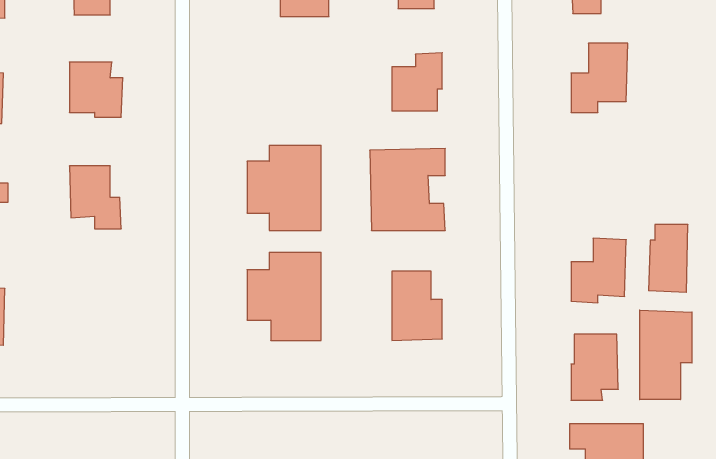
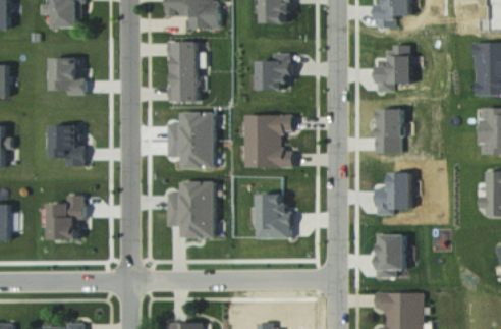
building: none -> [167,41,198,102]
building: [649,225,688,292] -> [377,109,402,153]
building: none -> [49,195,86,240]
building: [640,310,692,400] -> none

